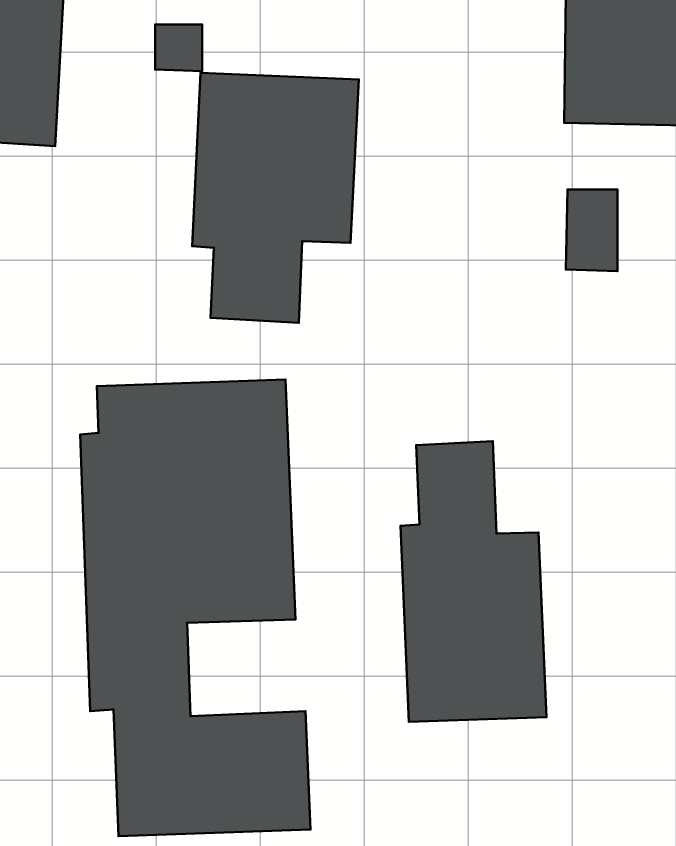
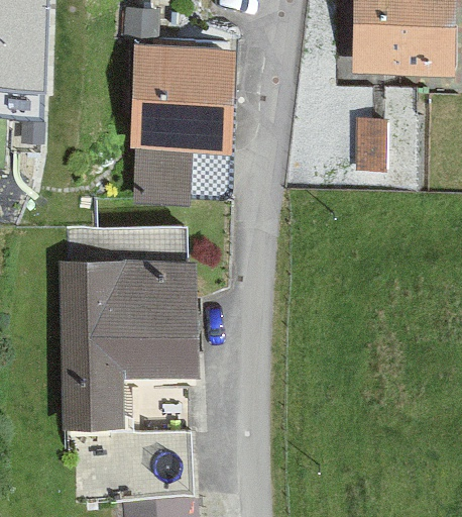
building: [401,441,547,722] -> none

